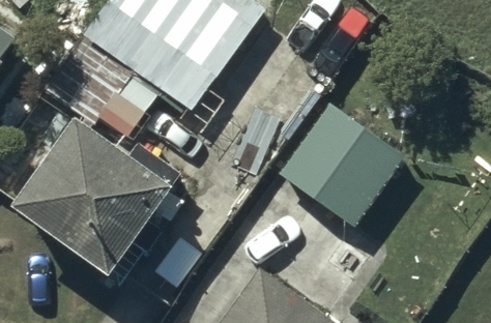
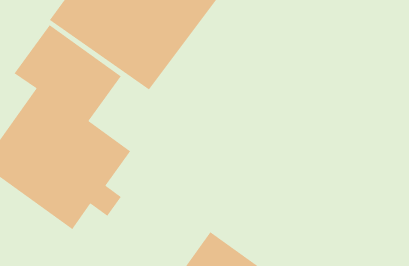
building: [280,102,408,229] -> none

